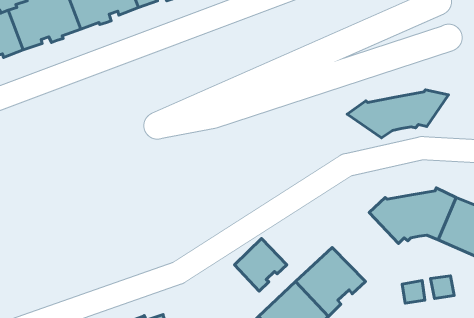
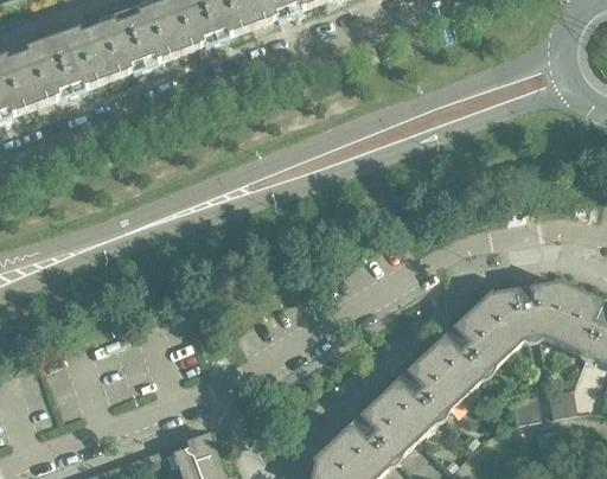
building: [347,90,448,138] -> none
building: none -> [424,309,507,396]
building: [235,238,287,291] -> none

